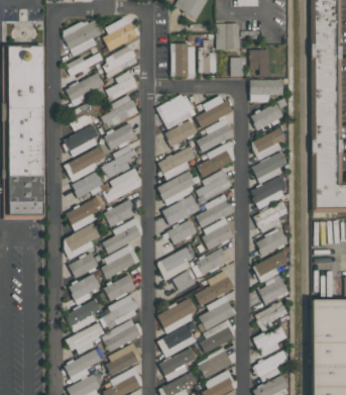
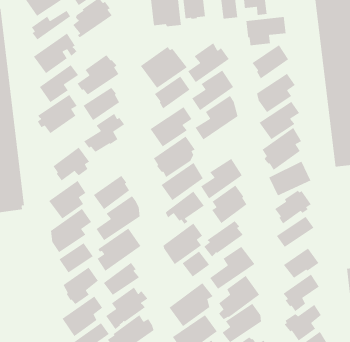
building: [106,71,138,102] -> none
building: [65,146,105,183] -> none
building: [103,169,142,203] -> none
building: [196,170,232,205] -> none

